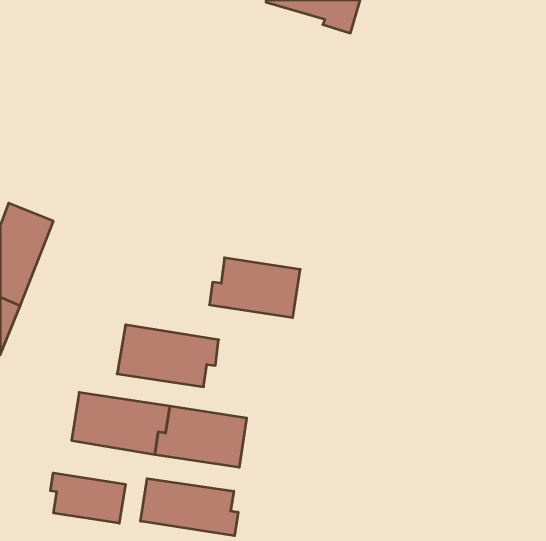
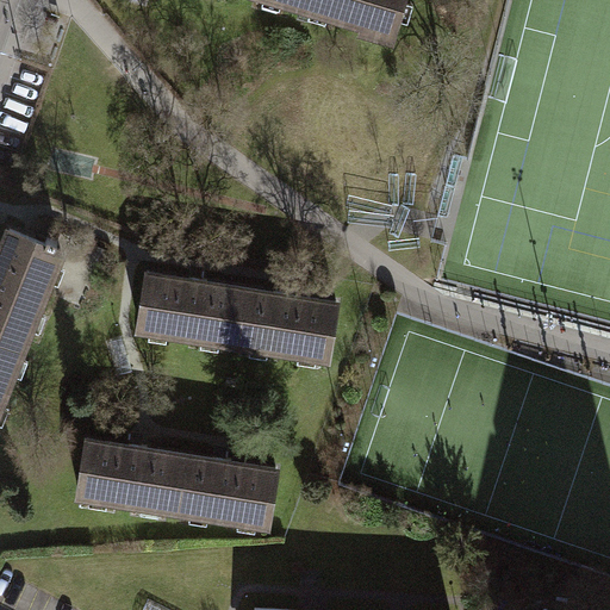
building: [117,325,219,387] -> [137,276,250,346]
building: [50,473,125,523] -> none
building: [141,479,238,536] -> none

